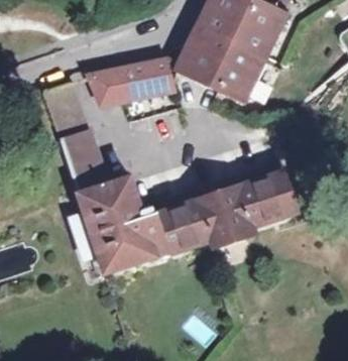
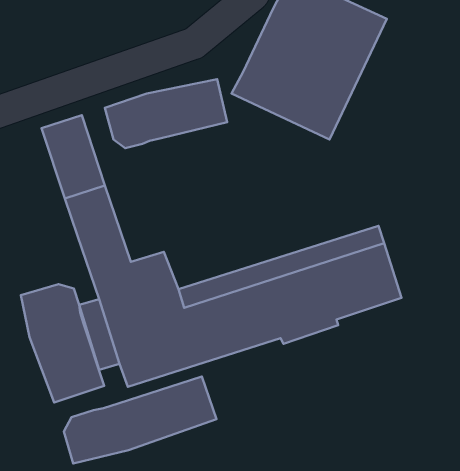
building: none -> [21,284,104,403]
building: none -> [64,376,216,463]

